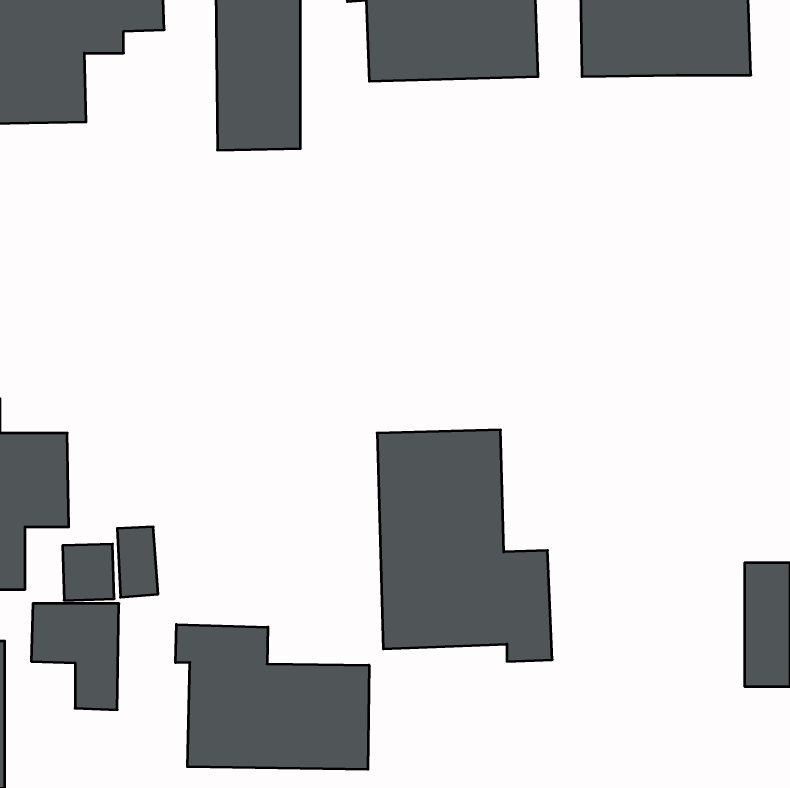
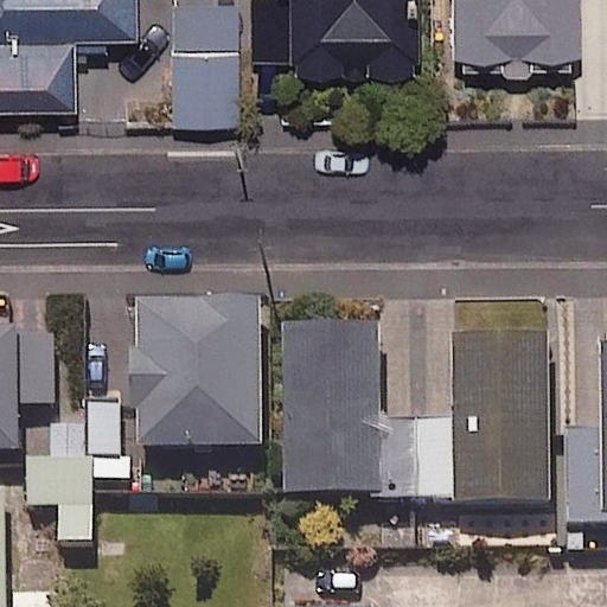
building: none -> [135,298,262,445]
building: none -> [415,336,552,500]
building: [176,624,369,769] -> none

